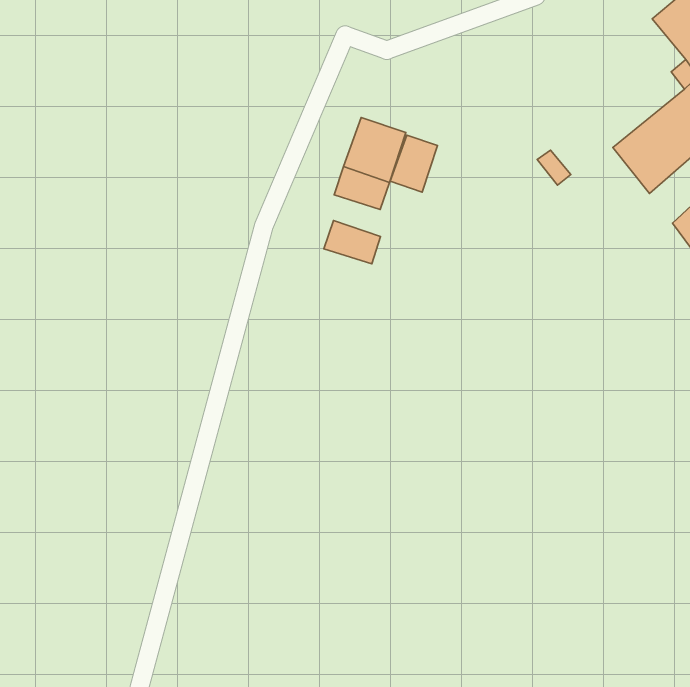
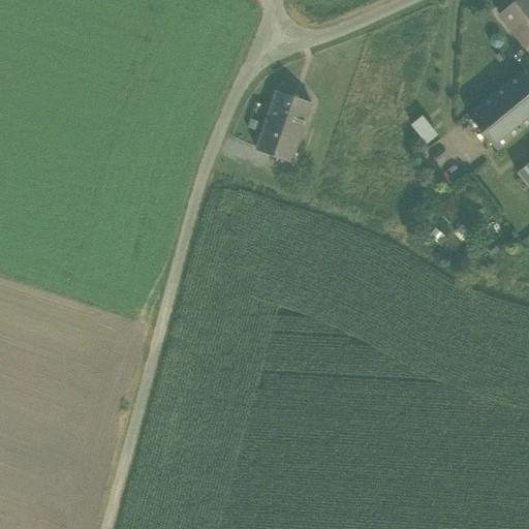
building: [390,135,438,192] -> none
building: [324,220,381,264] -> none

